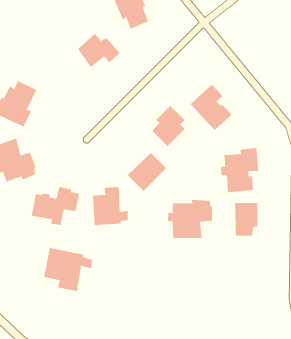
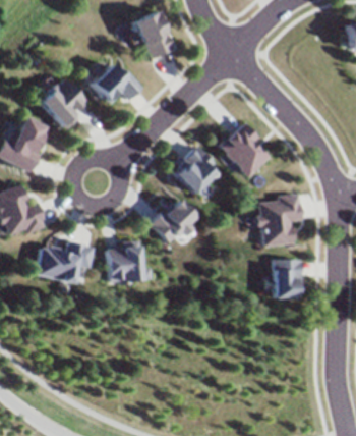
building: none -> [39,77,83,128]
building: [167,199,213,239] -> none
building: [43,247,93,292] -> none

